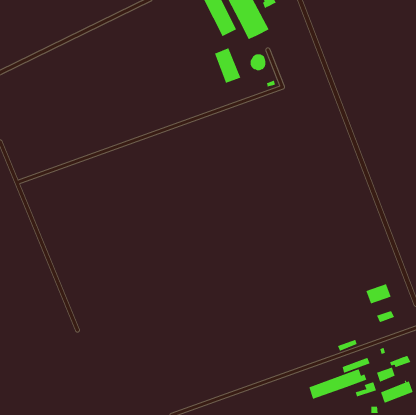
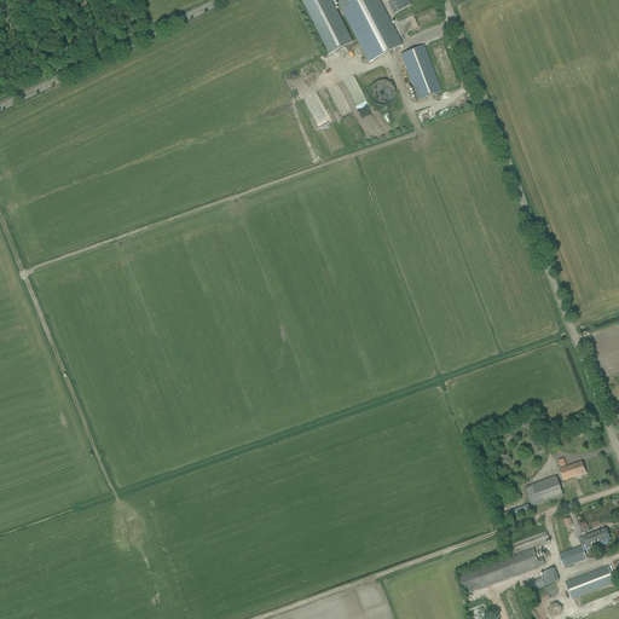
building: [214,48,241,84] -> [401,45,441,98]
building: [365,284,392,304] -> [525,475,563,505]

